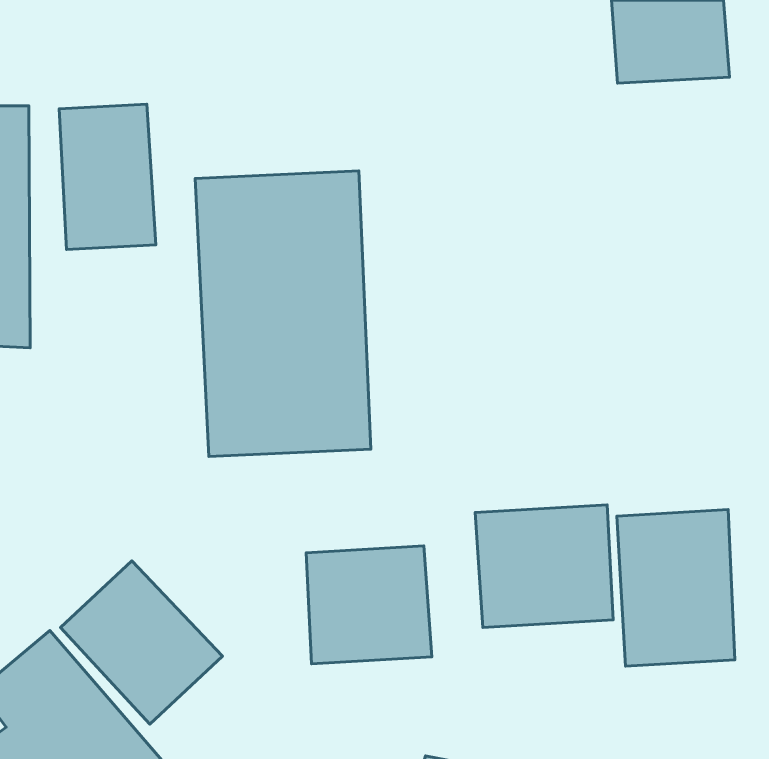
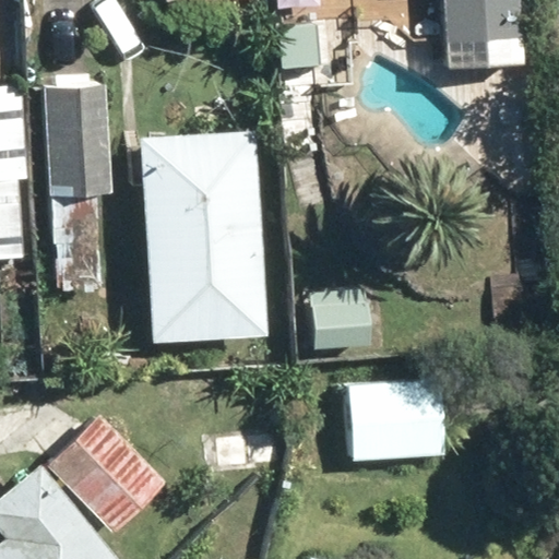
building: [617,509,735,666] -> none
building: [306,546,432,664] -> none

